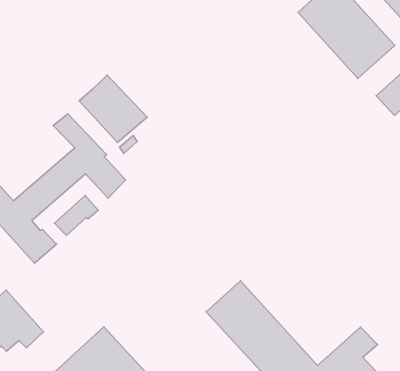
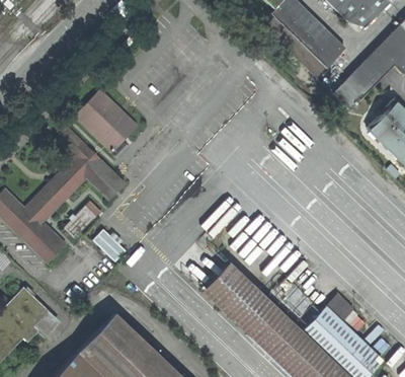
building: none -> [97,228,131,260]

